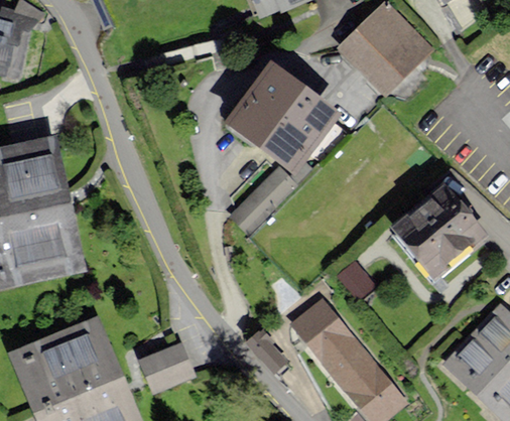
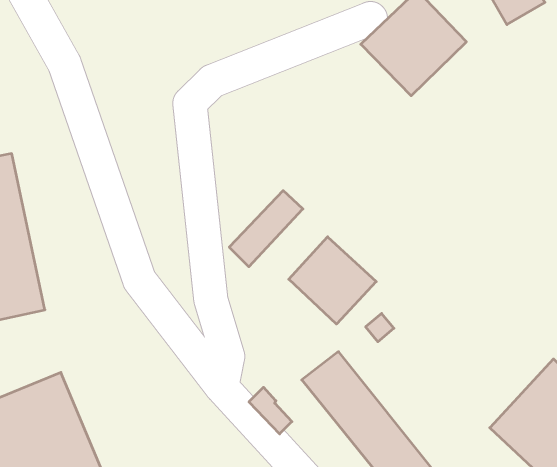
building: [228,62,334,167] -> none
building: [393,184,482,273] -> none
building: none -> [289,237,376,324]
building: [139,343,192,390] -> none

